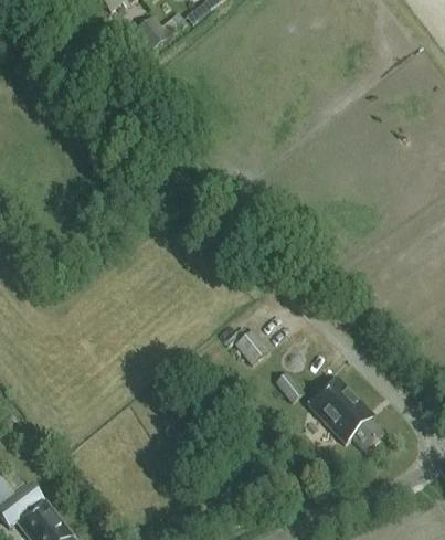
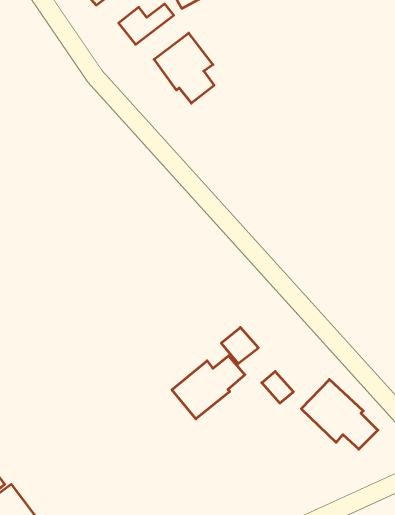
building: none -> [154,33,214,103]
building: none -> [172,356,245,419]

